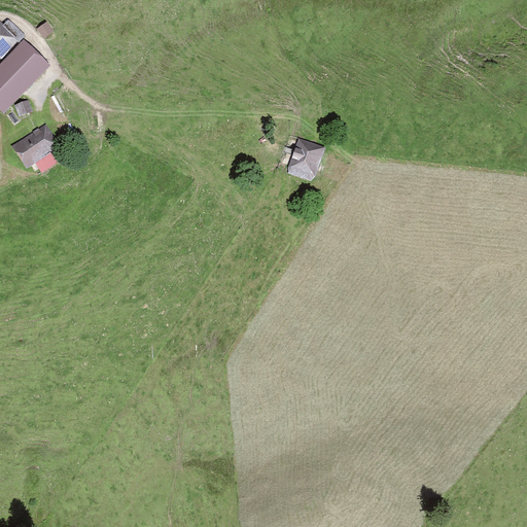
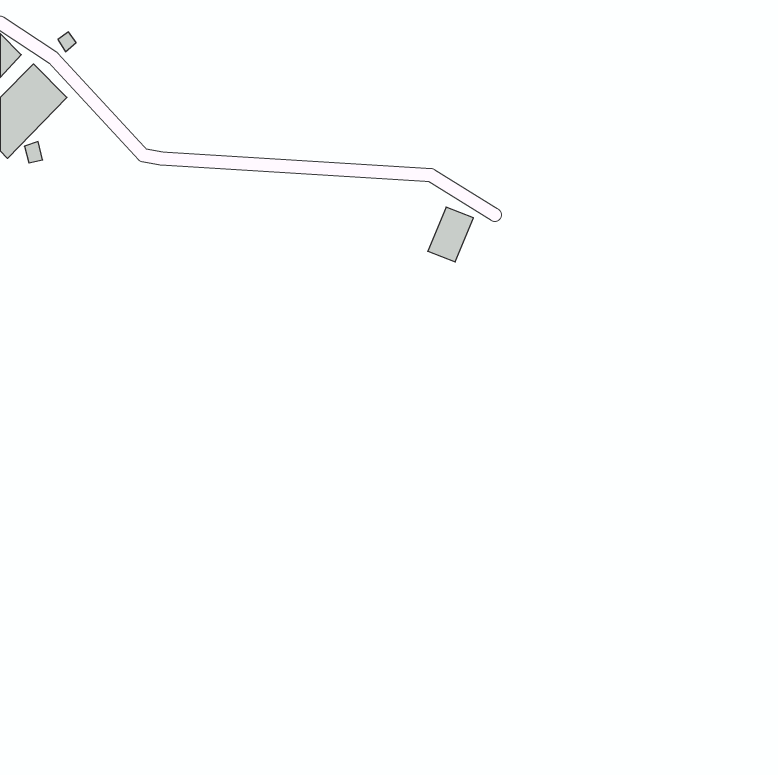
building: [17,126,63,168] -> none

